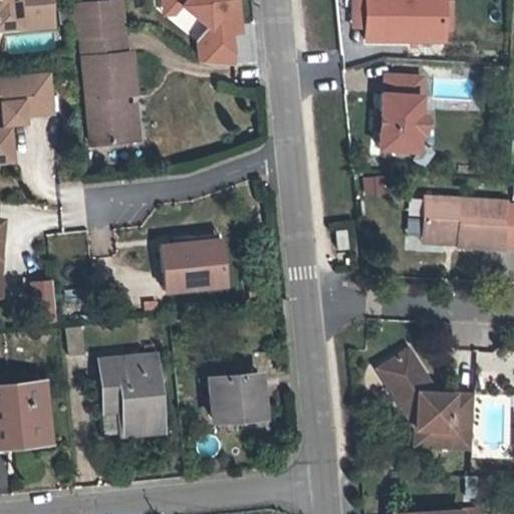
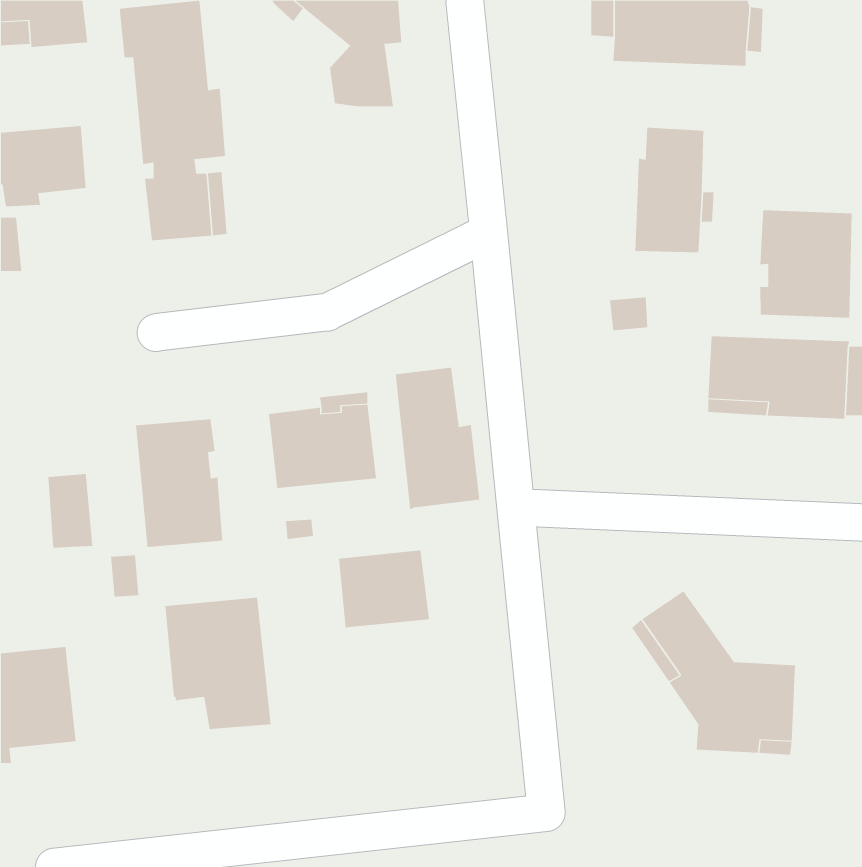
building: none -> [760,209,852,319]
building: none -> [395,367,480,510]
building: none -> [135,418,223,548]
building: [211,372,265,419] -> [338,550,430,628]

